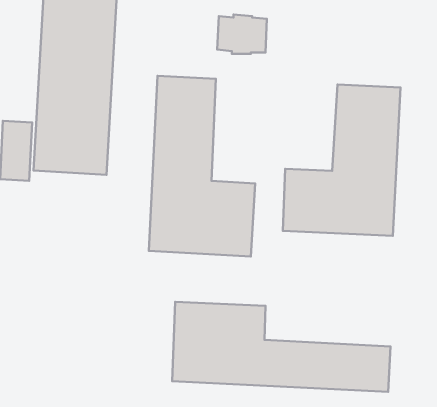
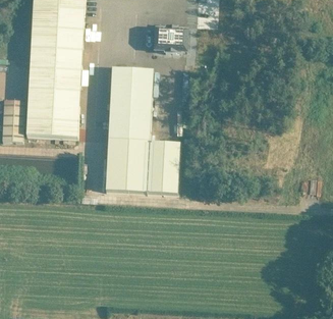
building: [283,84,400,236] -> none
building: [172,302,391,392] -> none

